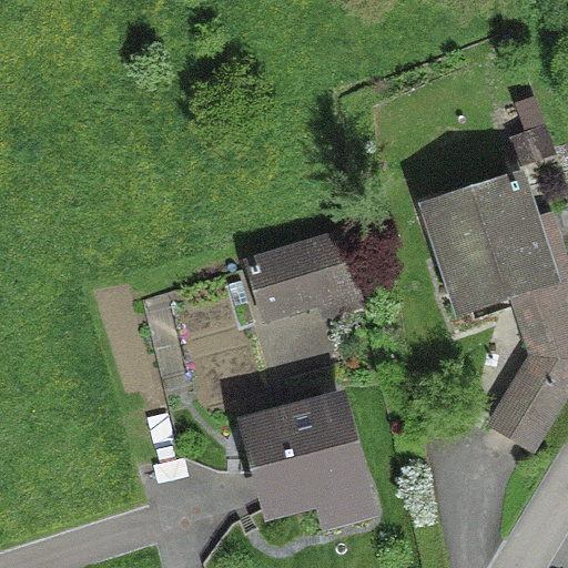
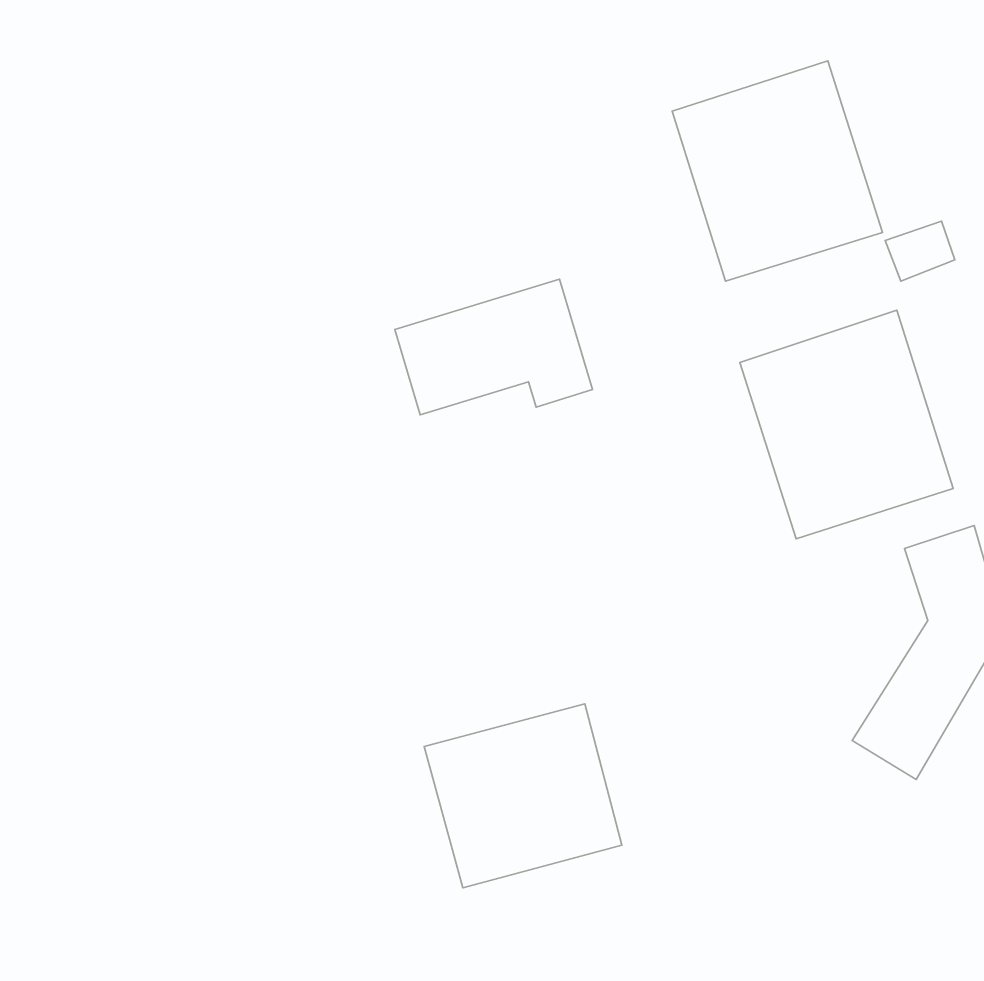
building: none -> [672,61,883,281]
building: [247,236,361,314] -> [395,279,592,415]

